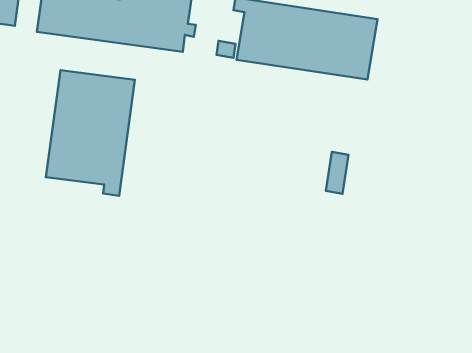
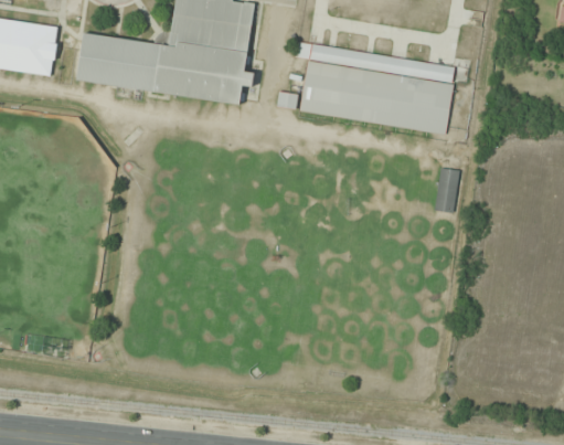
building: [46,70,135,196] -> none
building: [326,152,349,194] -> [434,167,459,213]

